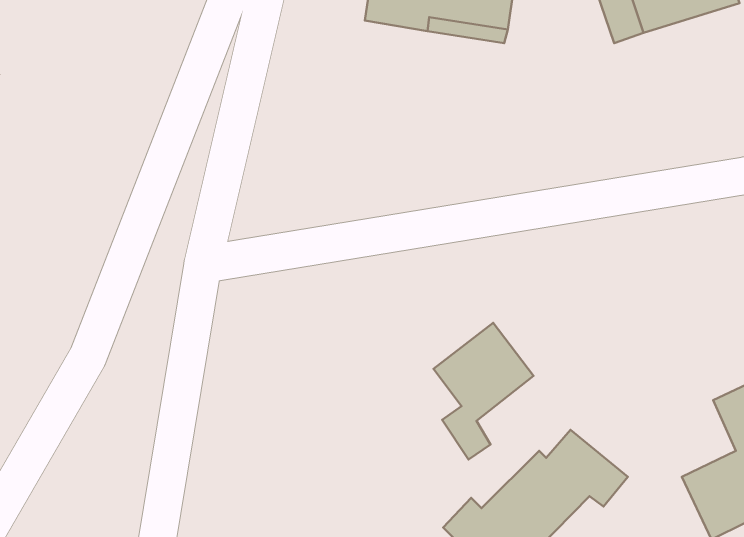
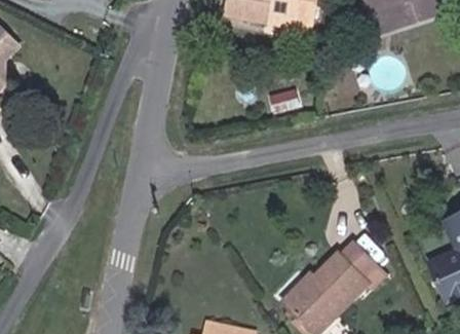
building: [434,323,533,460] -> none

